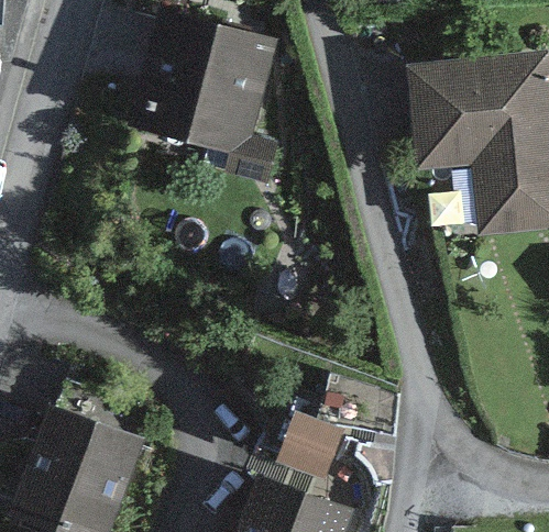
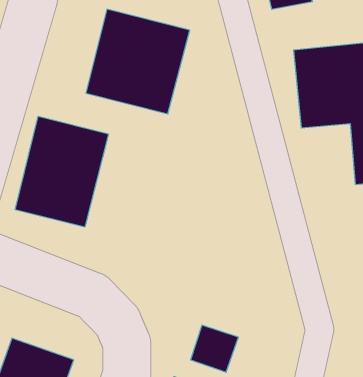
building: none -> [15,116,108,227]

